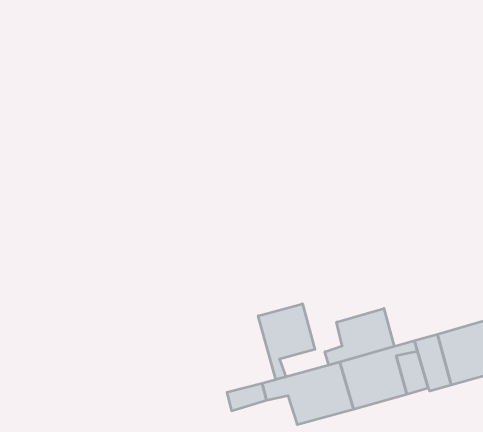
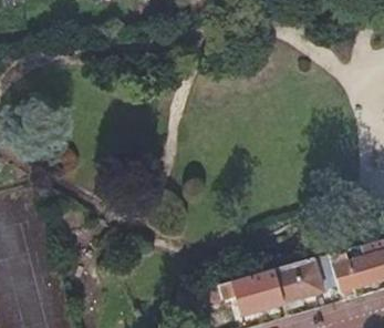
building: [258,304,315,380] -> none
building: [325,308,394,365] -> none

